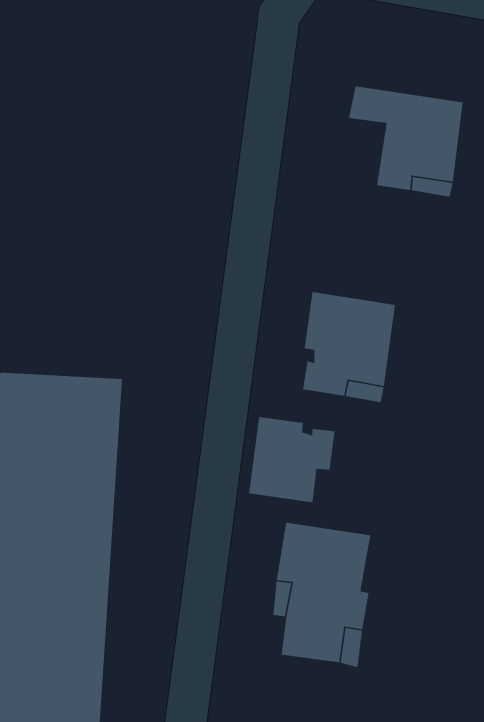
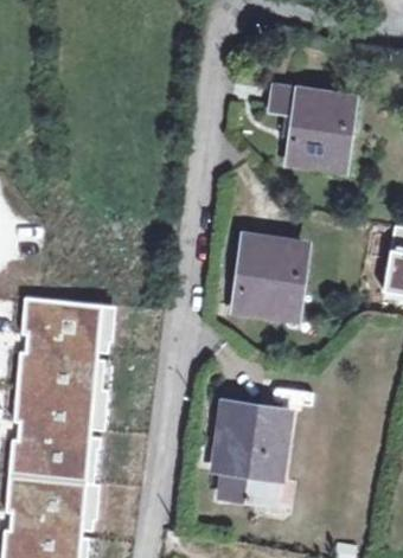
building: [248,416,336,503] -> none

